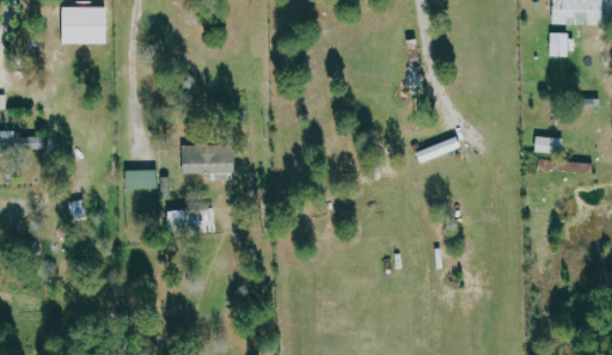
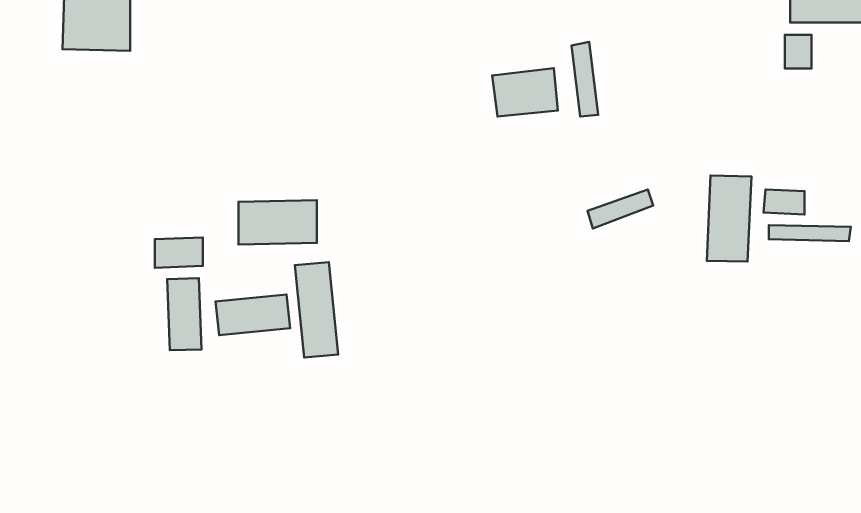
building: none -> [492,68,558,117]
building: none -> [707,176,751,261]
building: none -> [295,262,338,358]
building: none -> [167,278,201,350]

